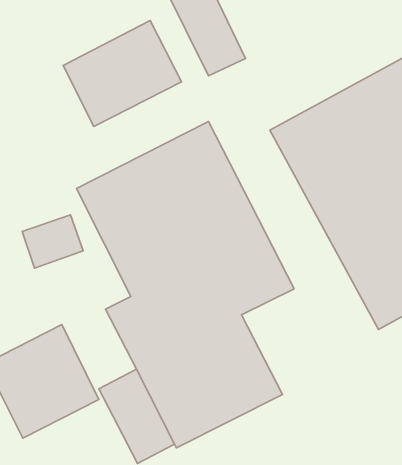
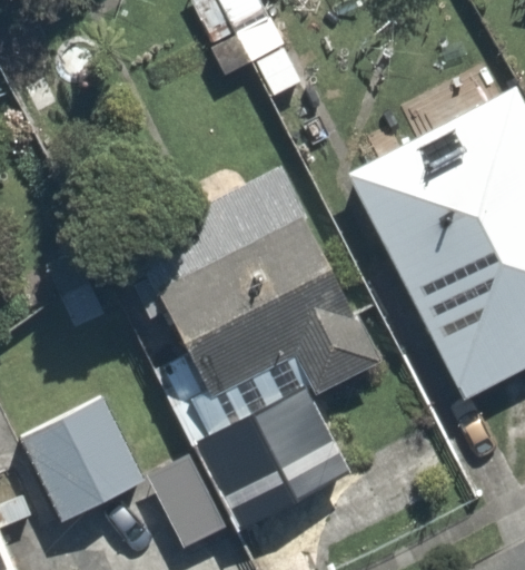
building: [63,20,181,127] -> none

